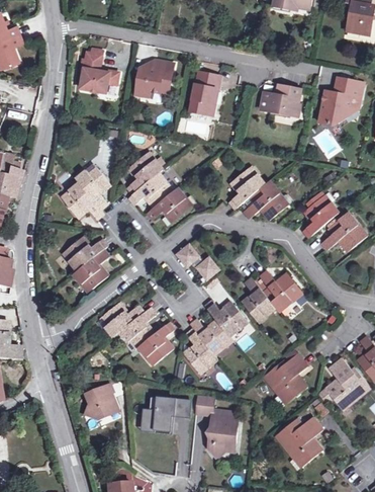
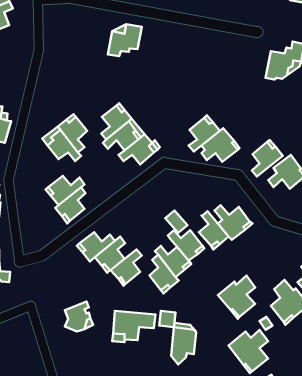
building: [81,48,119,92] -> none
building: [190,71,220,114] -> none
building: [260,83,301,114] -> none
building: [177,244,219,278] -> none

